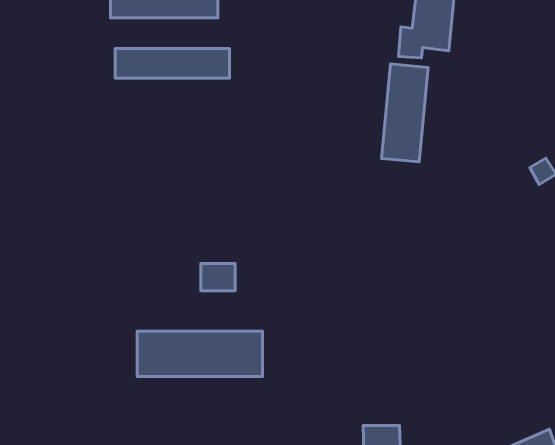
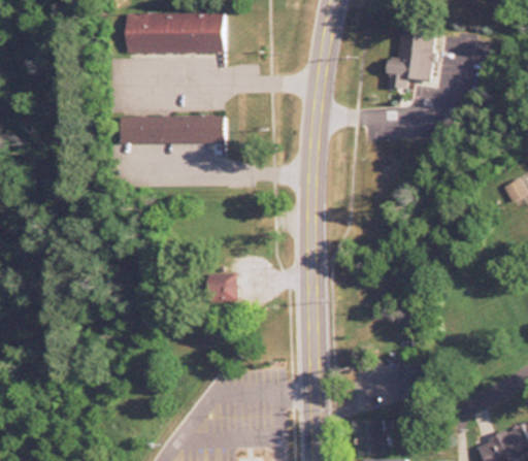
building: [115,48,229,78] -> [120,117,223,143]
building: [381,64,428,162] -> none
building: [137,331,262,377] -> none

